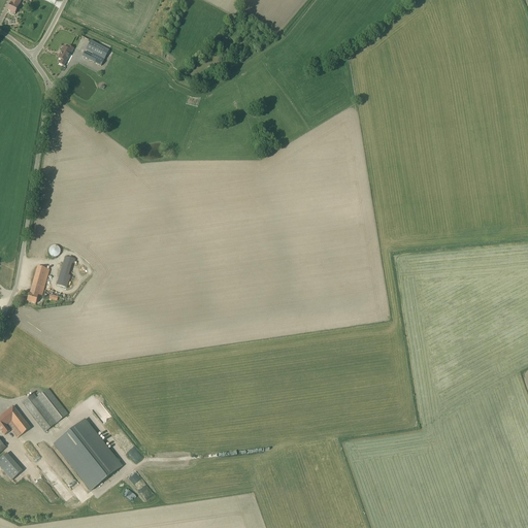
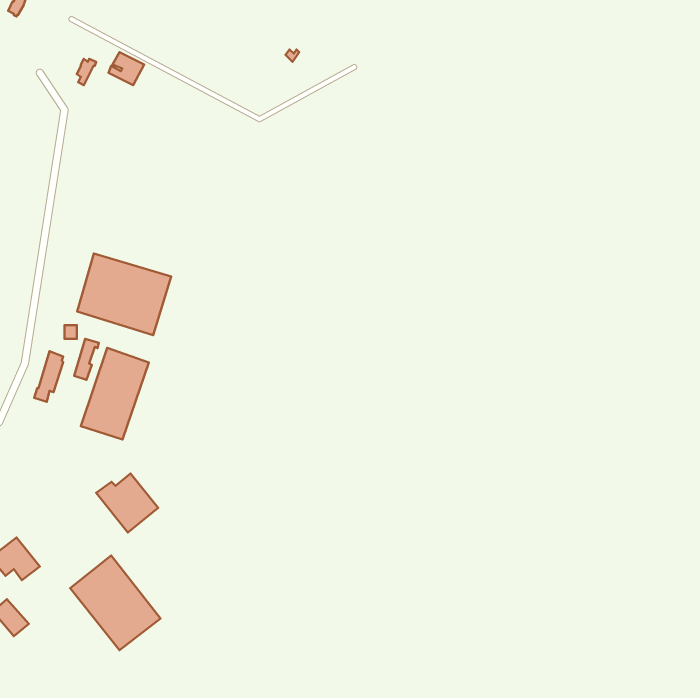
building: none -> [77,254,171,335]
building: none -> [81,348,149,439]
building: [21,387,67,431] -> [96,474,158,532]

